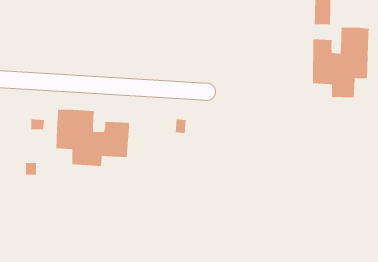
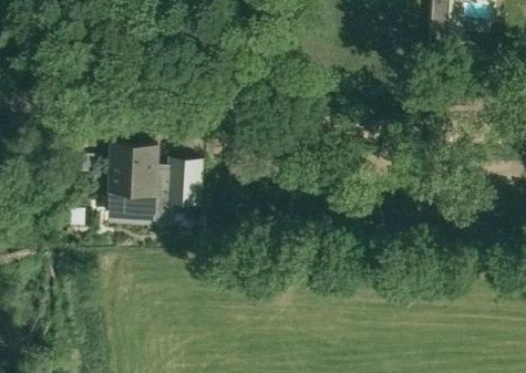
building: [312,27,370,98] -> none

